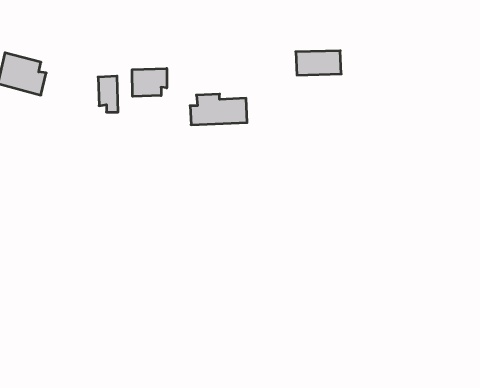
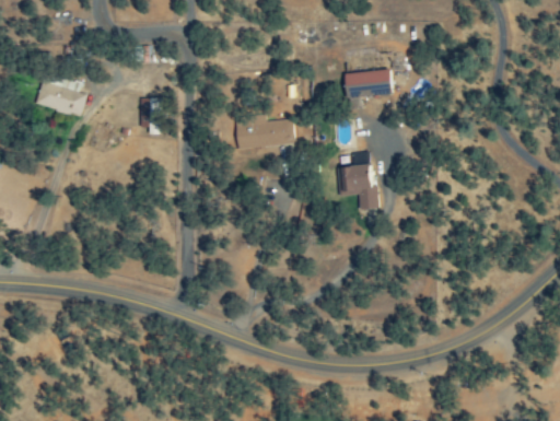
building: [132,68,167,96] -> none
building: none -> [337,165,378,210]

